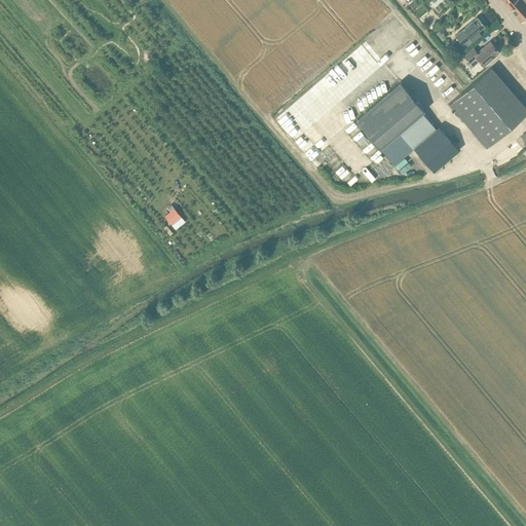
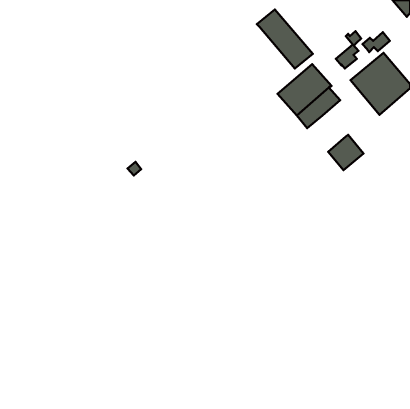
building: none -> [257,10,313,68]
building: [455,18,484,49] -> [336,44,358,69]
building: [413,127,458,173] -> [328,135,363,170]

